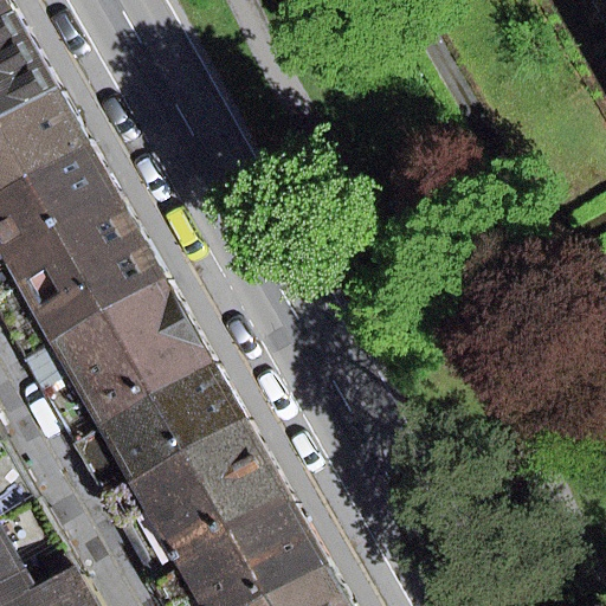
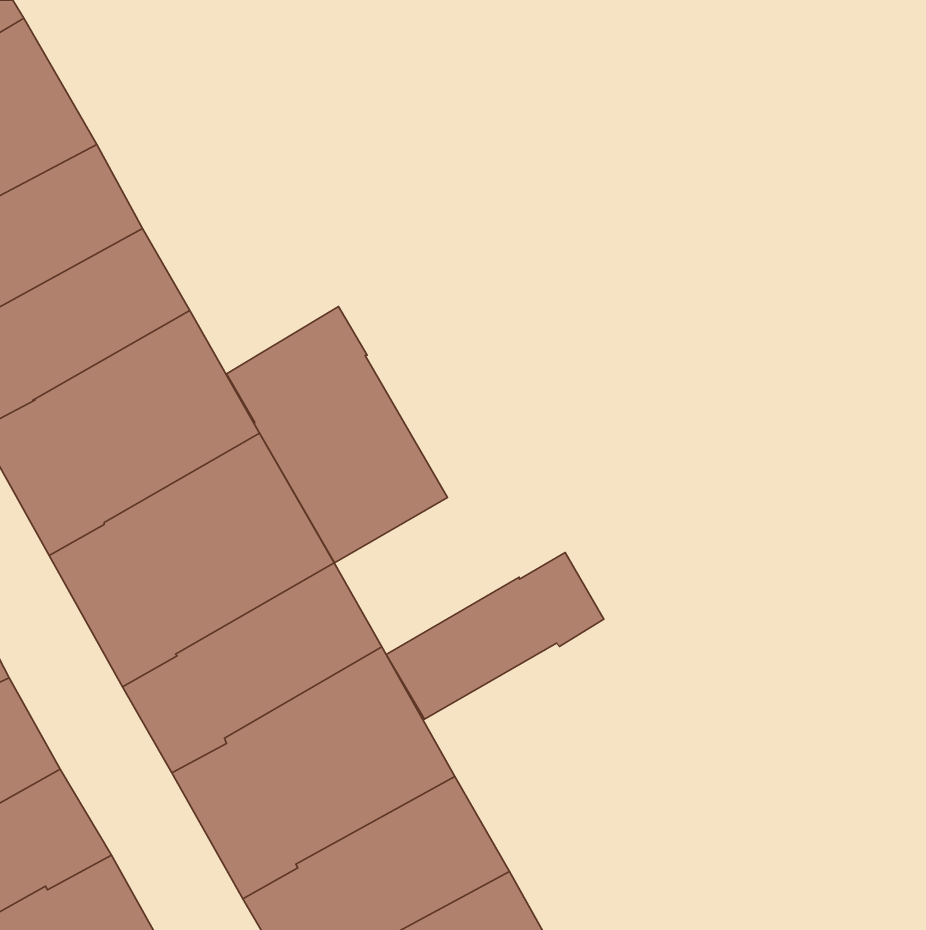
building: none -> [226,306,447,563]
building: none -> [386,552,604,719]

